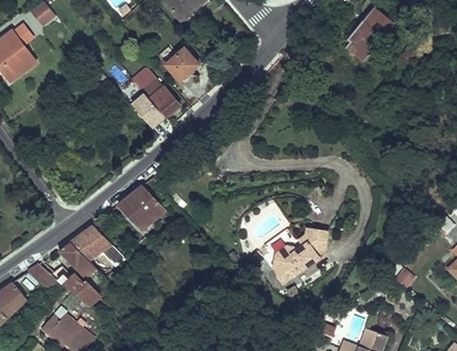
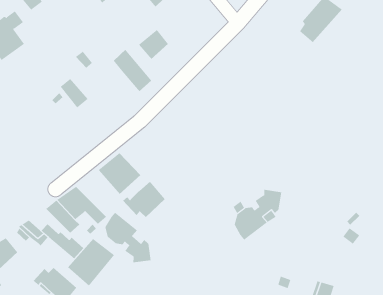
building: [132,93,165,127] -> [60,78,88,108]
building: none -> [122,181,166,218]
building: none -> [105,212,151,263]
building: none -> [67,238,115,286]

